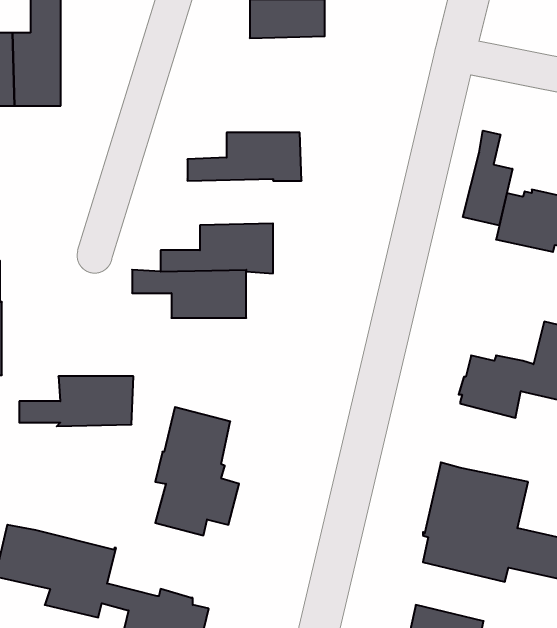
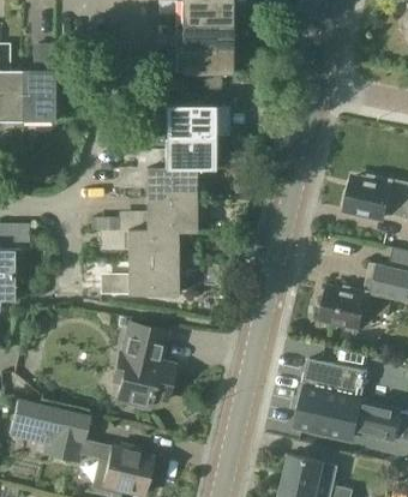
building: none -> [137,106,214,137]
building: [463,131,512,226] -> none
building: none -> [119,168,196,199]
building: [19,376,133,426] -> [101,262,178,295]

